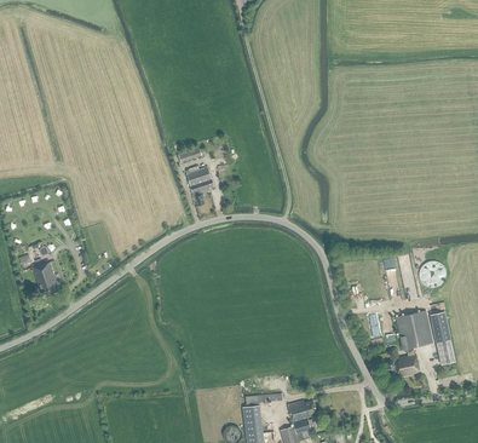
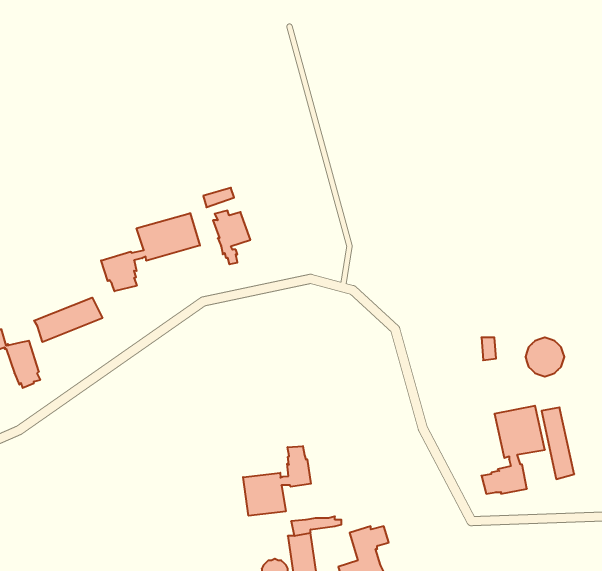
building: none -> [101,213,200,291]
building: none -> [34,298,102,342]
building: none -> [243,446,311,516]

